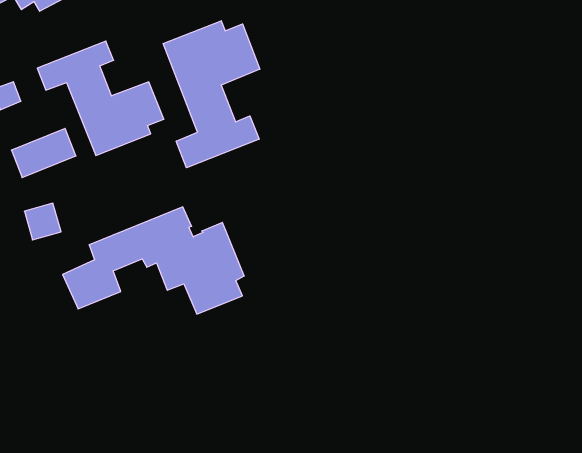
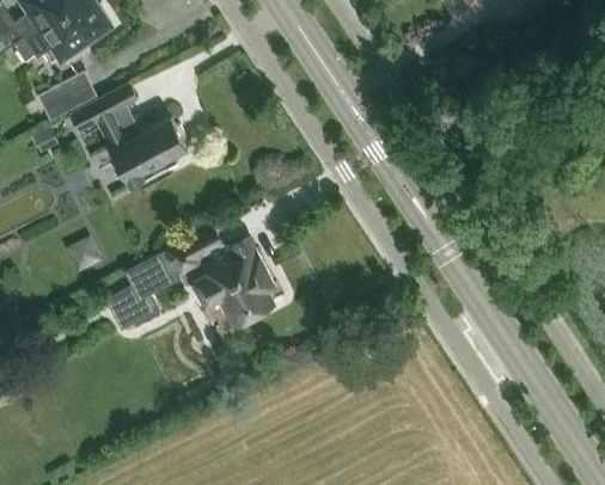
building: [163,21,260,168] -> none
building: [11,128,76,178] -> [42,72,100,119]

